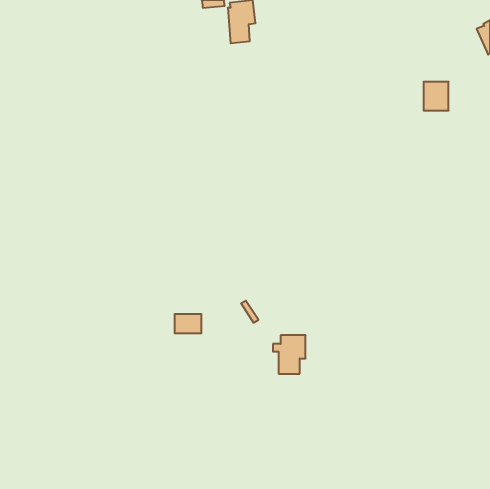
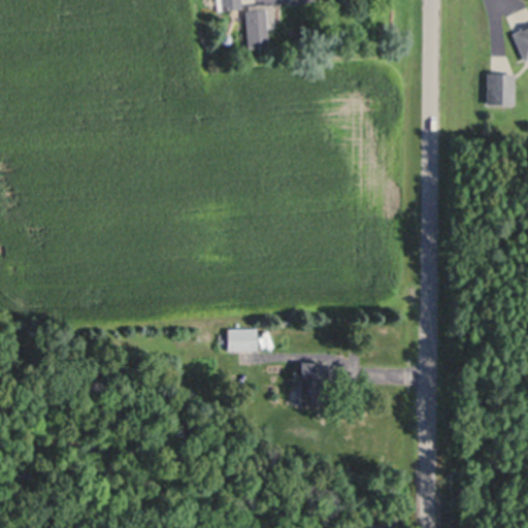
building: [424,82,449,111] -> [488,74,515,105]
building: [175,314,201,333] -> [228,329,257,350]

